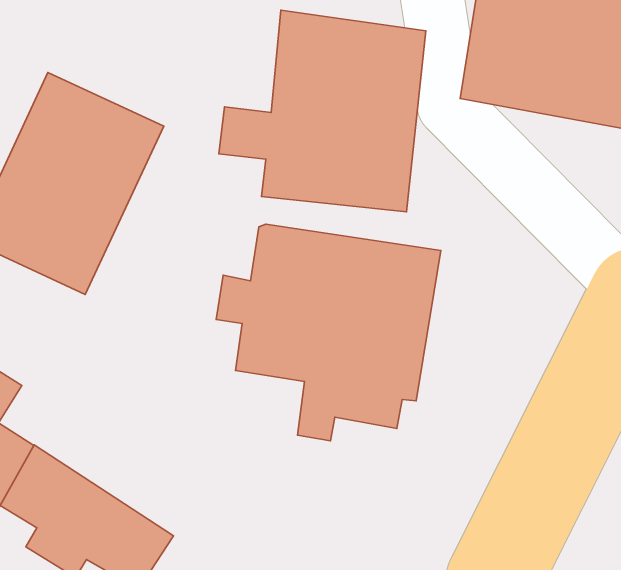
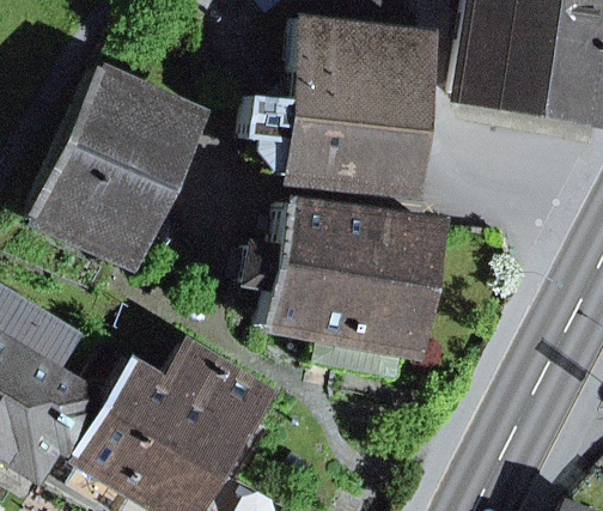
building: none -> [90,346,279,473]

